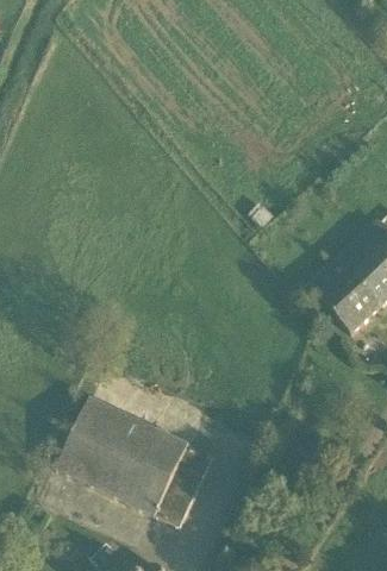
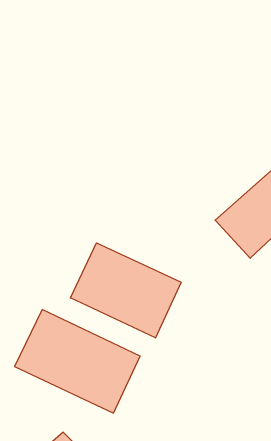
building: none -> [70,243,181,338]

